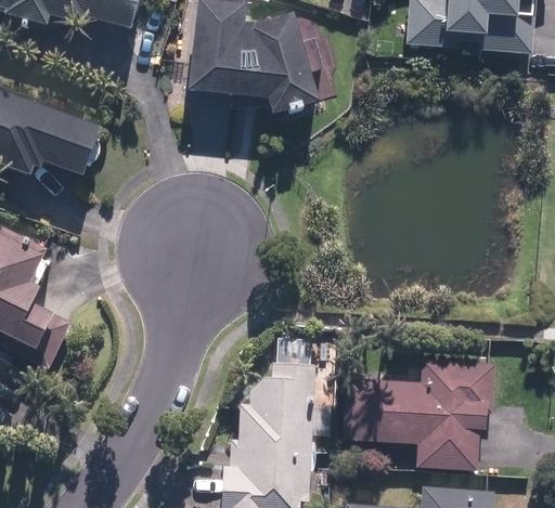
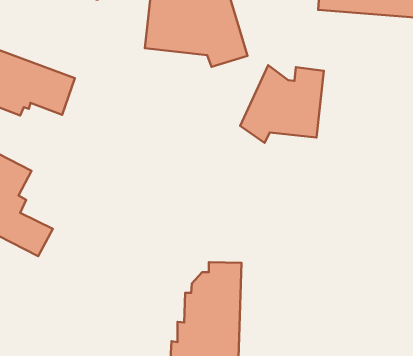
building: none -> [240,65,324,143]
building: [344,359,494,465] -> none

